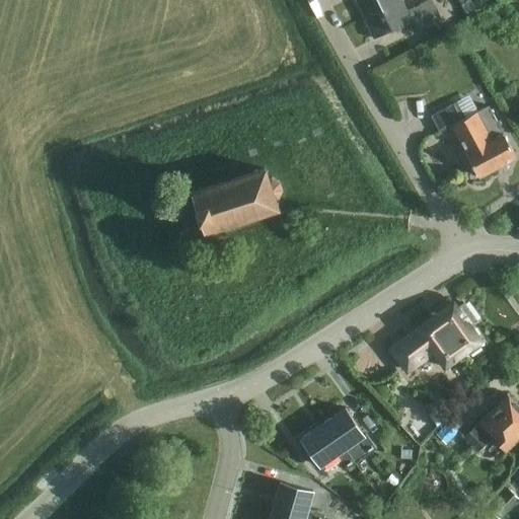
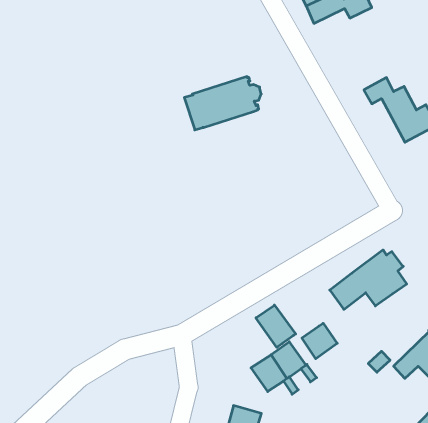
building: [192,170,281,232] -> [184,77,261,130]
building: none -> [256,305,296,347]
building: none -> [302,323,337,359]

